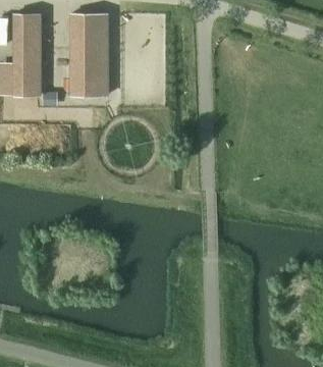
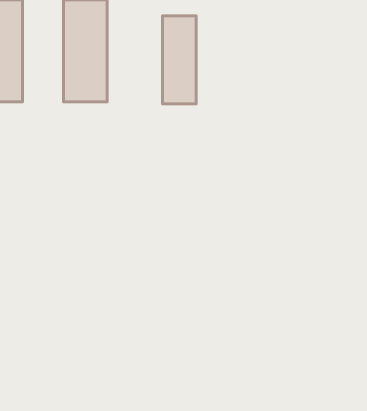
building: none -> [162,16,196,104]

